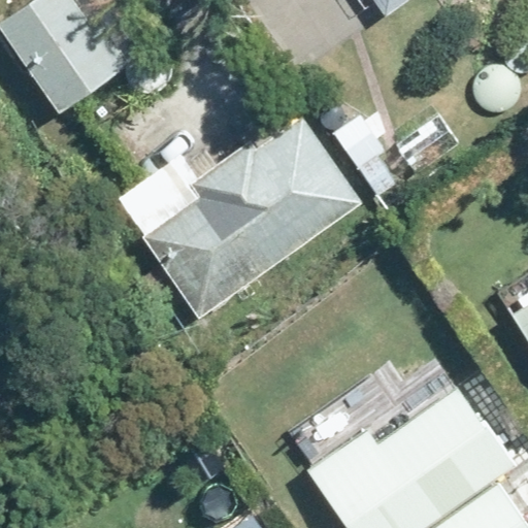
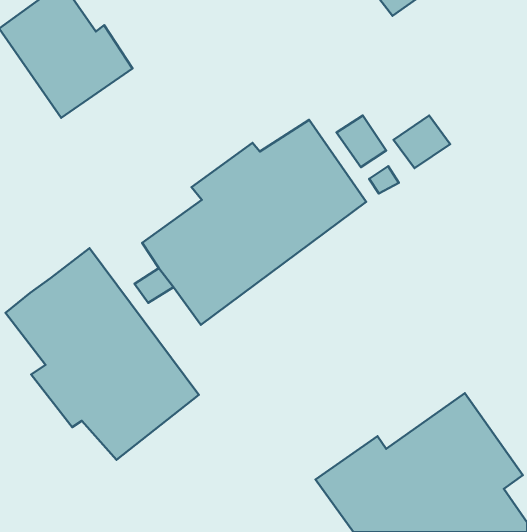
building: none -> [5,248,199,460]

